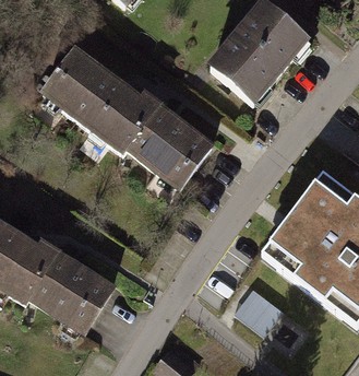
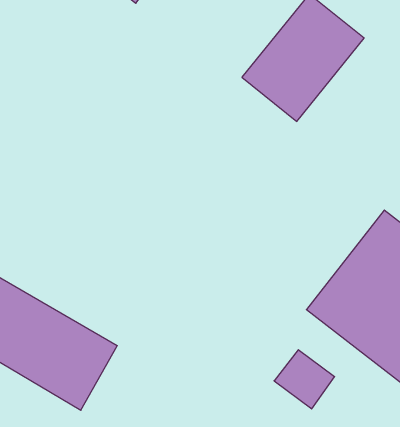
building: [43,48,206,187] -> none

